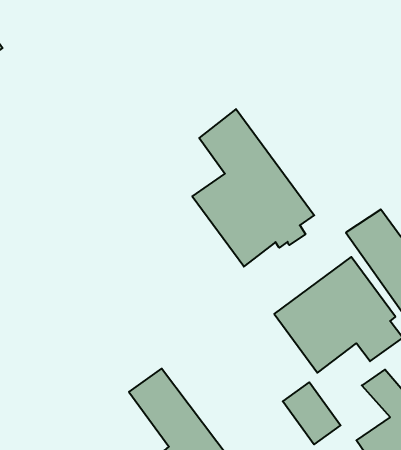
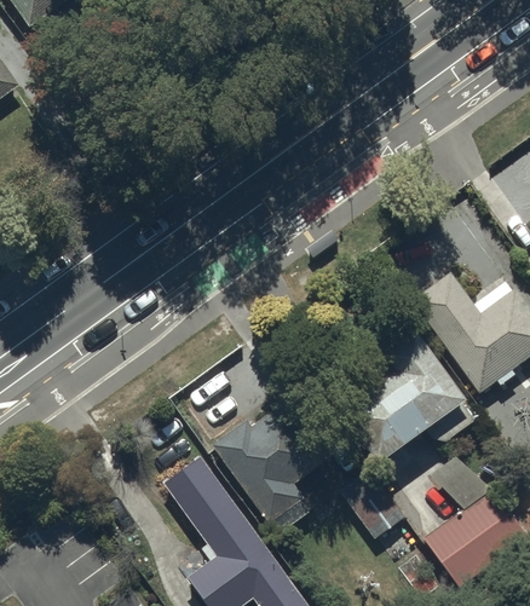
building: [192,109,314,267] -> none
building: none -> [213,403,330,536]

